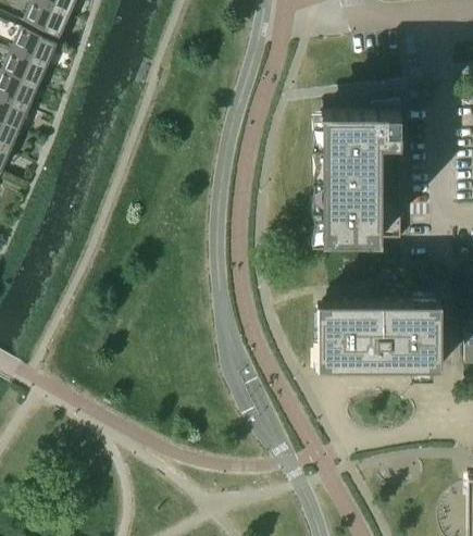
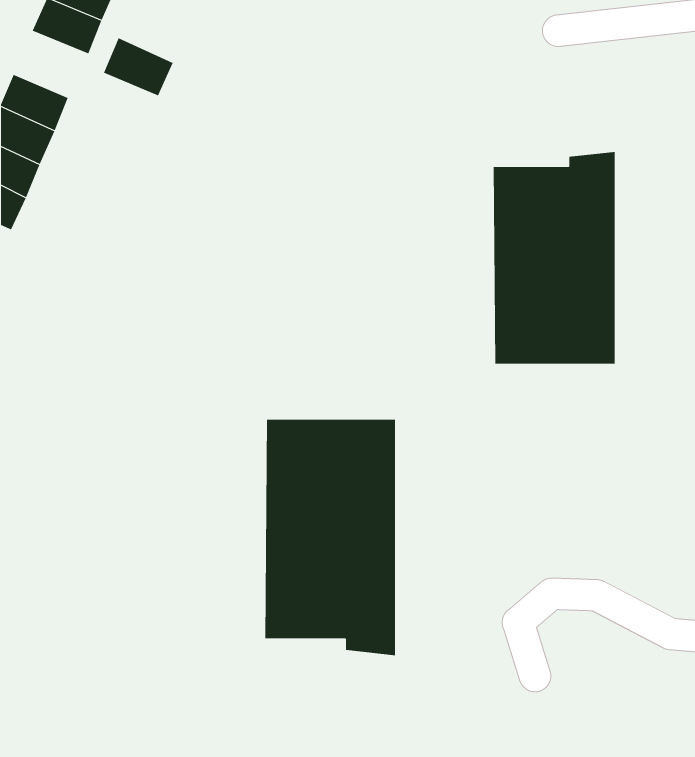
building: [10,30,55,68] -> [103,38,173,96]
building: none -> [265,419,396,656]
building: [322,304,440,370] -> none

